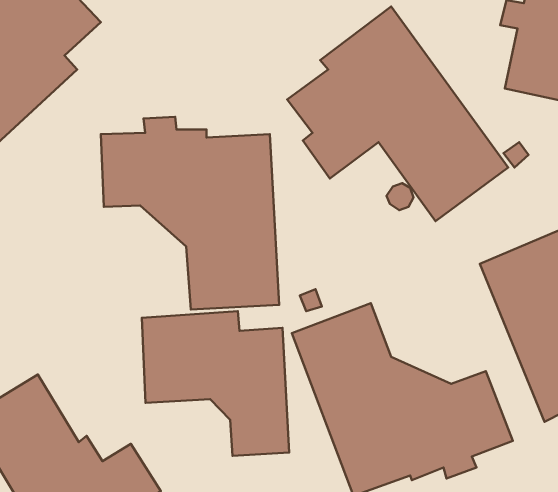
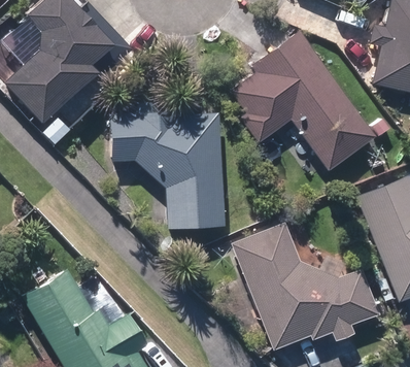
building: [142,311,289,456] -> none

